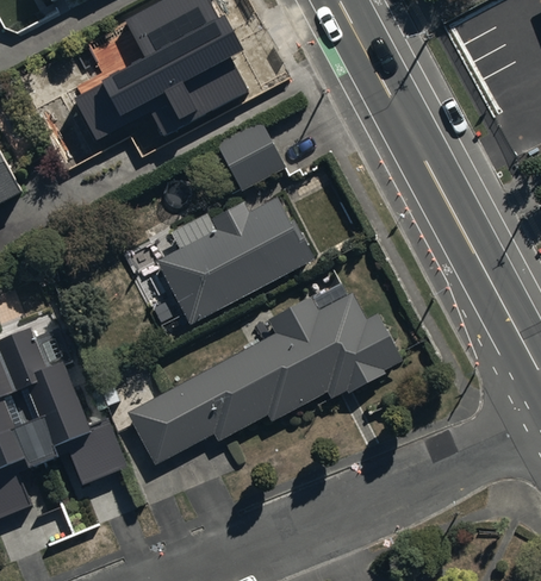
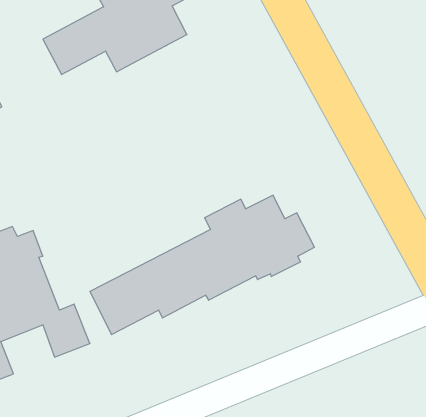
building: [213,120,284,192] -> none
building: [157,192,313,320] -> none

